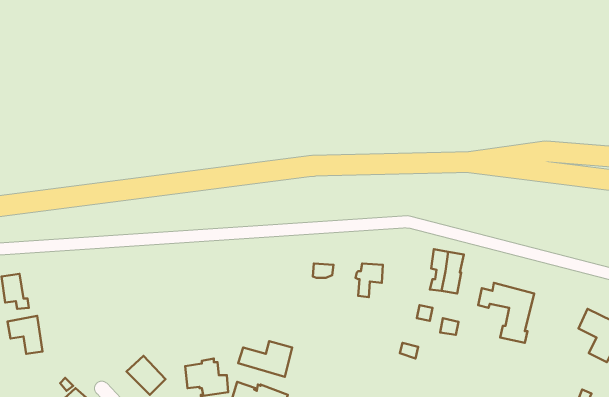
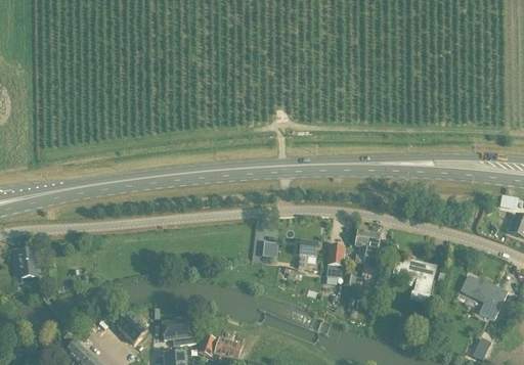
building: none -> [326,244,344,278]
building: [8,316,42,354] -> none
building: [238,341,292,377] -> none

